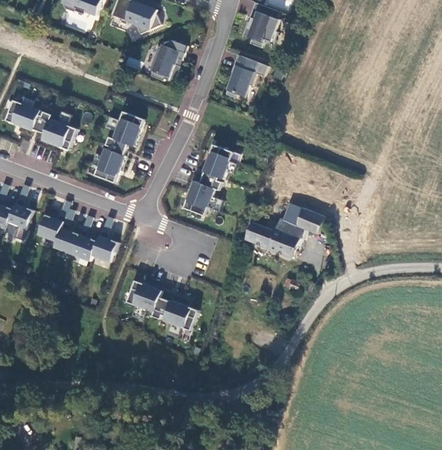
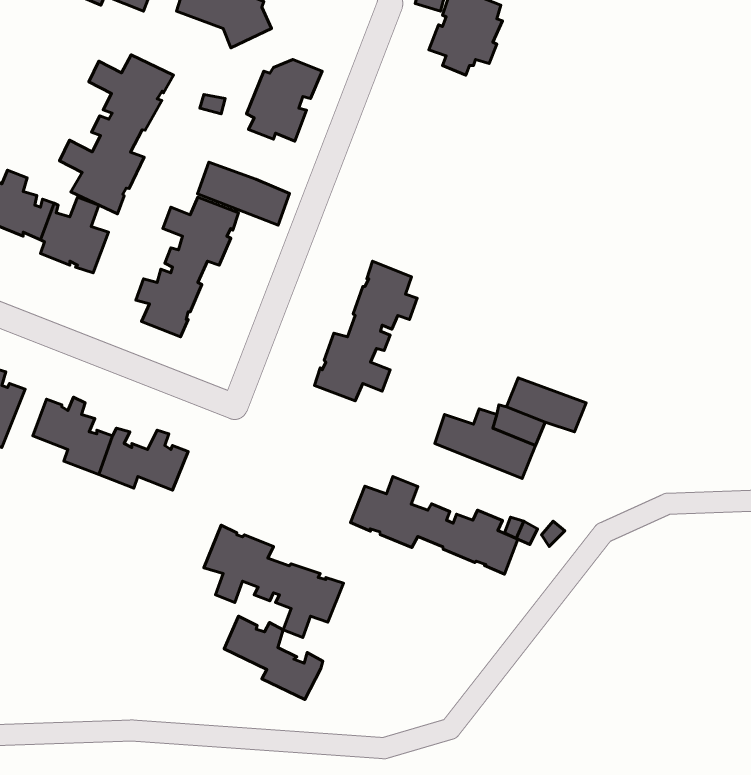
building: none -> [60,55,173,214]
building: [224,54,267,98] -> none
building: none -> [197,162,290,225]
building: none -> [350,476,518,574]
building: none -> [224,616,323,699]

